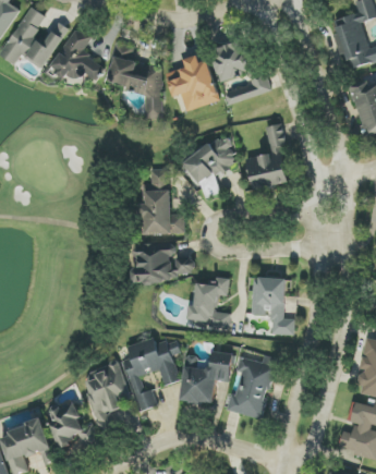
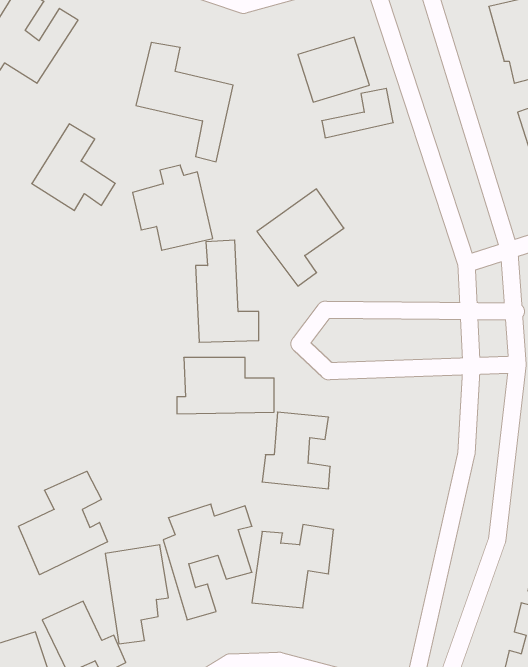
building: [50,28,104,84] -> [32,124,115,211]
building: [166,56,217,110] -> [133,165,213,250]
building: [245,123,287,190] -> none
building: [250,277,293,336] -> none
building: none -> [19,471,107,575]
building: [226,355,276,420] -> none

